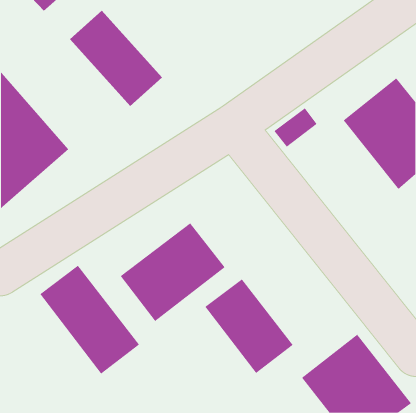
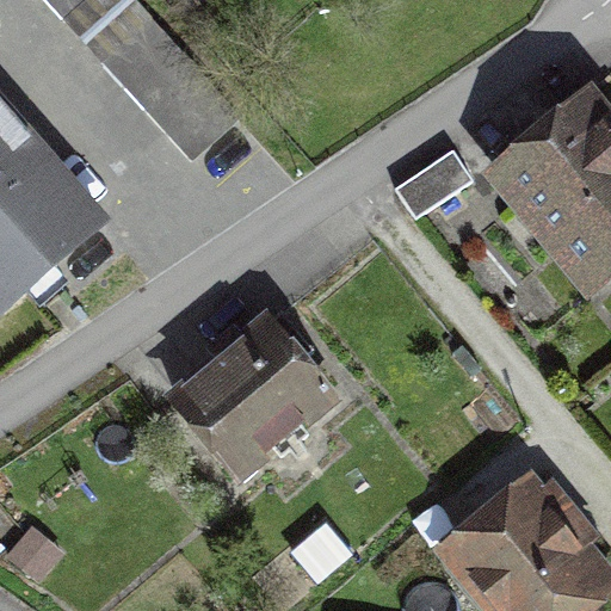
building: [39,265,140,374] -> none
building: [205,279,293,374] -> none

